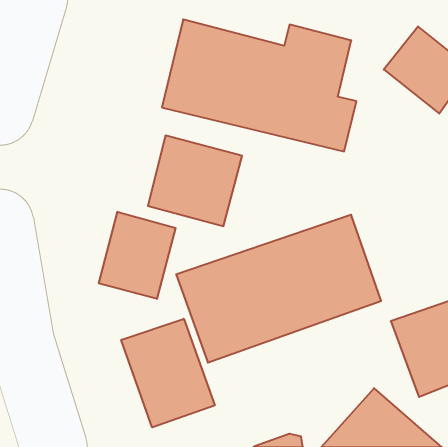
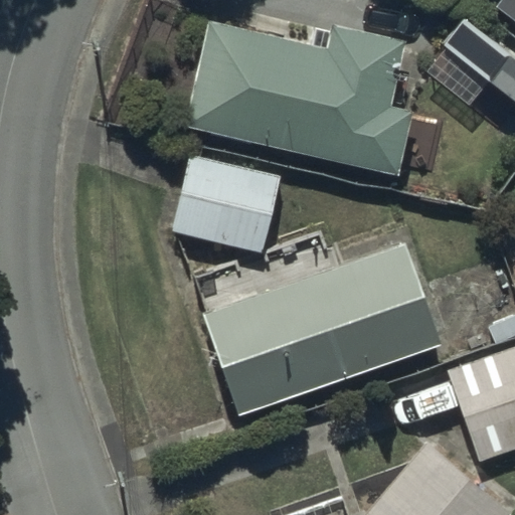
building: [99,212,176,299] -> none
building: [121,319,215,427] -> none

